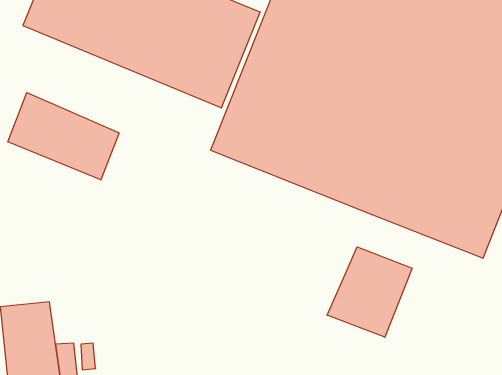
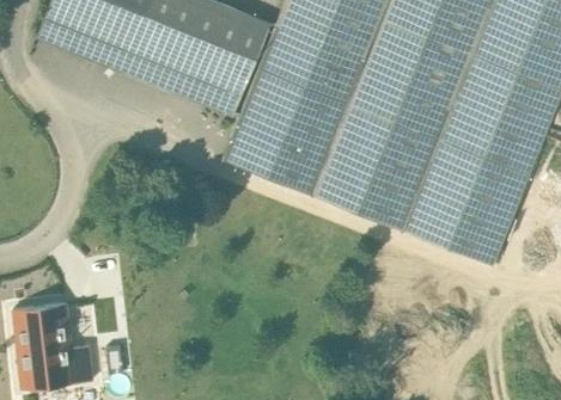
building: [8,93,119,180] -> none
building: [327,247,412,337] -> none

